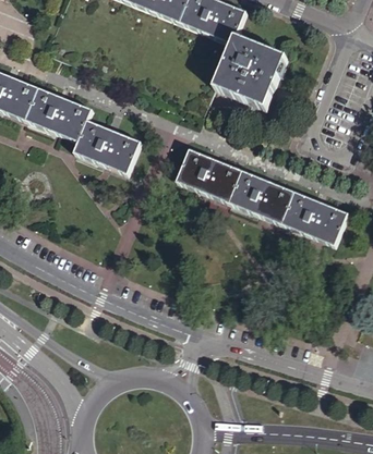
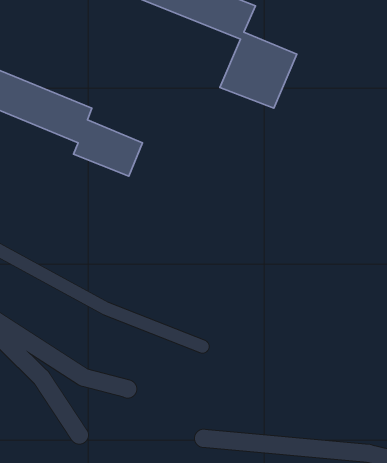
building: [175,148,347,245] -> none

